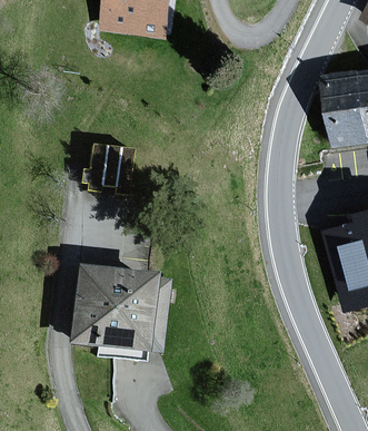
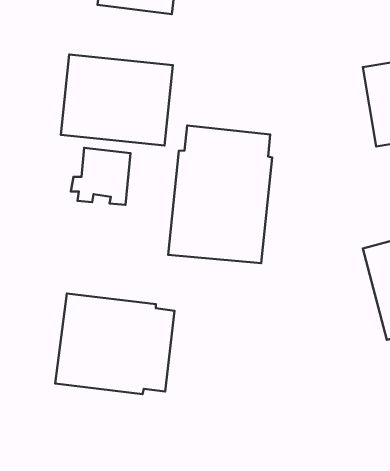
building: none -> [61,54,173,145]
building: none -> [168,125,272,263]

